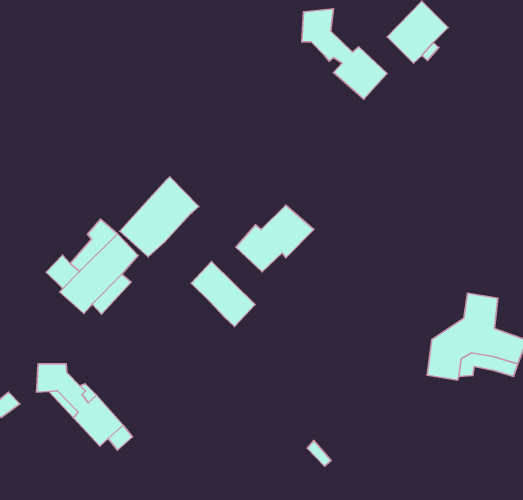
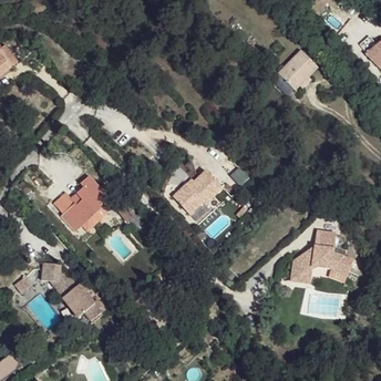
building: [302,9,387,99] -> none
building: [120,177,199,257] -> none
building: [191,261,255,326] -> none

